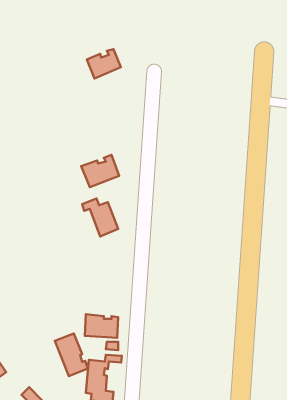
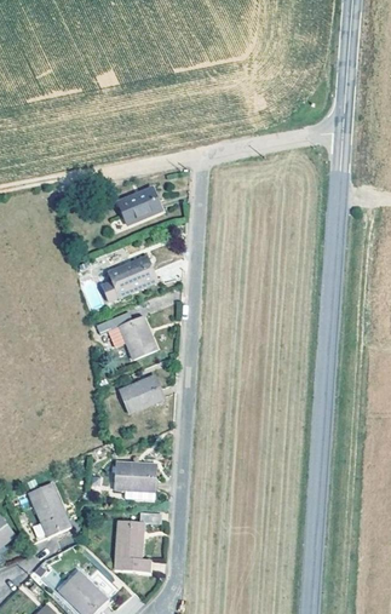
building: [87,49,121,78] -> [119,189,162,226]
building: none -> [120,374,163,413]
building: [55,333,88,376] -> [29,483,71,538]

